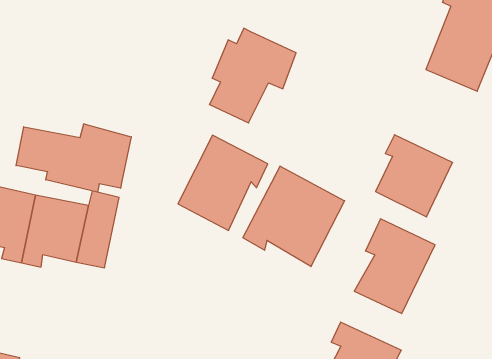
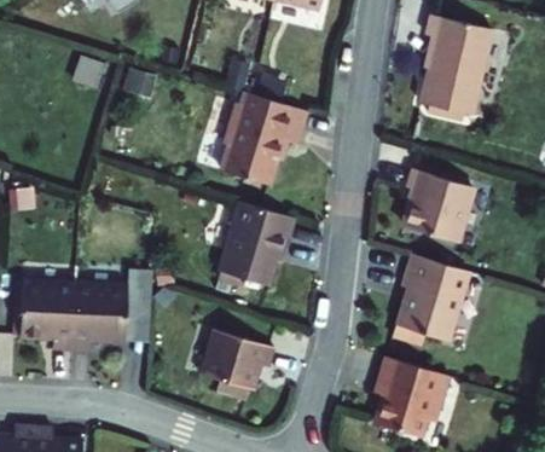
building: [16,124,131,192] -> none
building: [243,166,345,267] -> none
building: none -> [198,330,272,400]

